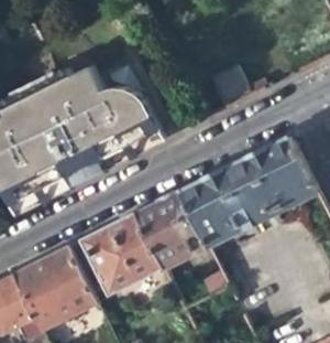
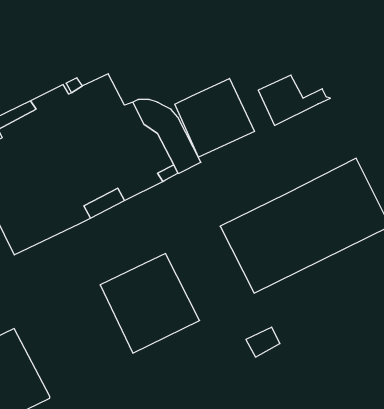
building: none -> [175,78,254,157]
building: [135,191,207,267] -> none
building: [13,246,96,329] -> none

